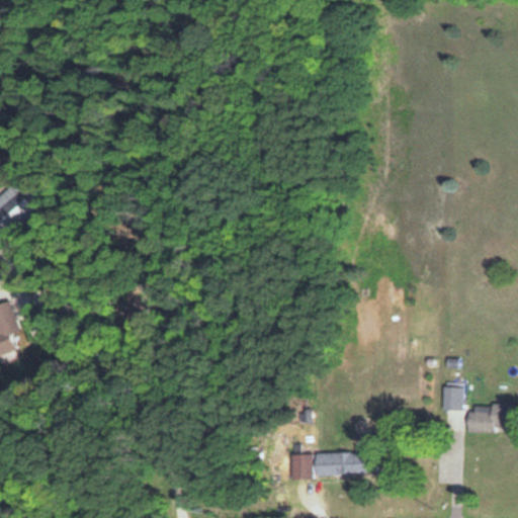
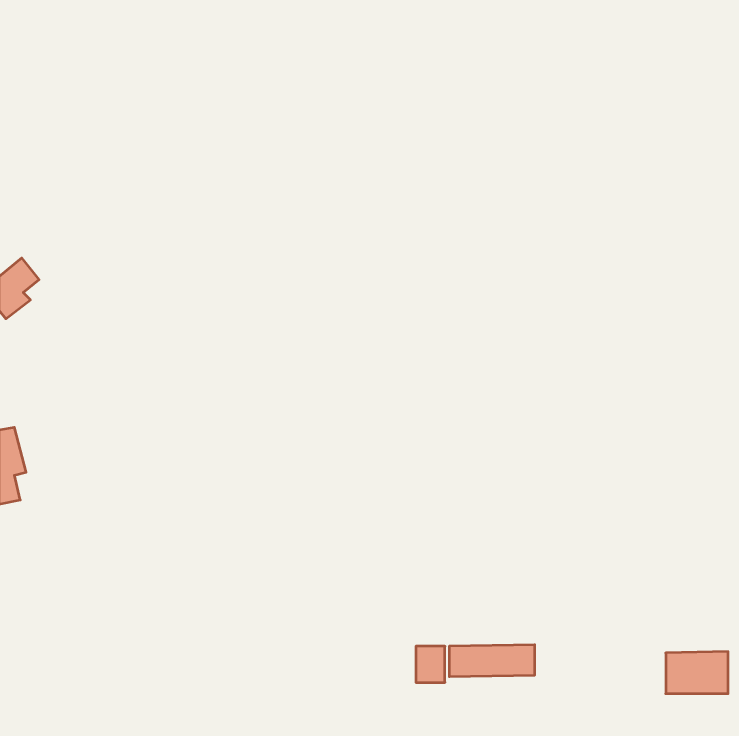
building: [441,386,463,412] -> none
building: [467,405,511,434] -> [666,652,728,694]

